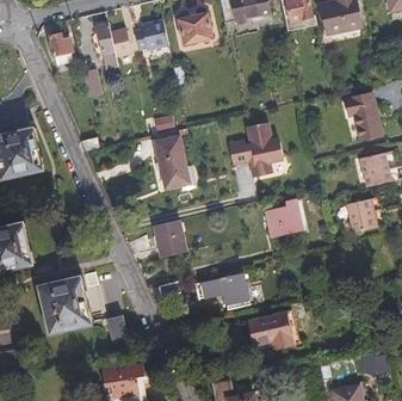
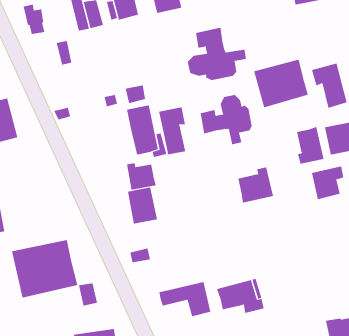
building: none -> [187,27,247,81]
building: none -> [254,59,309,108]
building: none -> [159,106,186,155]
building: none -> [297,126,324,165]
building: none -> [127,162,156,191]
building: [197,272,251,308] -> [159,282,211,317]

